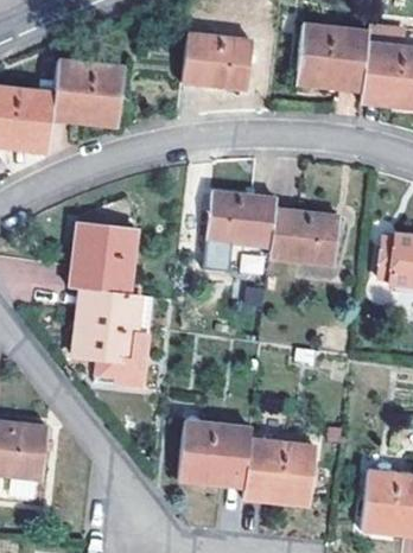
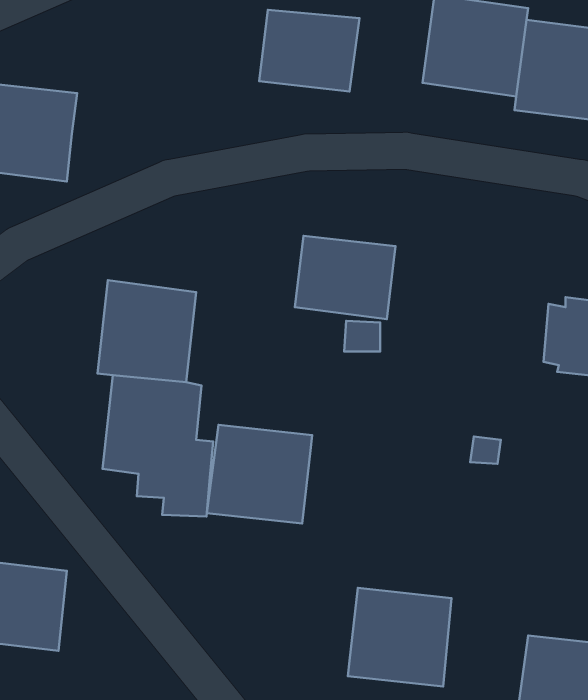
building: [51,58,125,127] -> none
building: [269,208,339,267] -> none
building: [178,419,252,488] -> [207,425,312,523]

